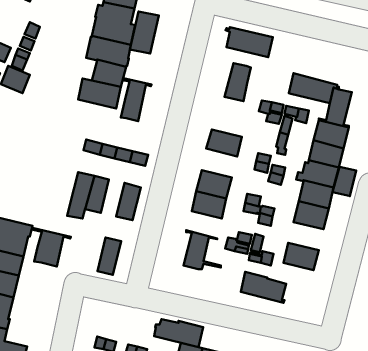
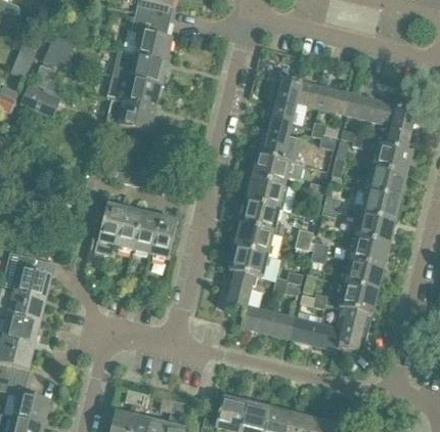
building: [130,11,159,53] -> none
building: [225,27,273,57] -> [297,80,350,114]
building: [121,78,152,121] -> none
building: none -> [256,118,301,163]
building: none -> [247,176,287,209]
building: [332,167,356,196] -> none
building: none -> [229,247,269,277]
building: none -> [344,259,384,291]
building: [33,228,71,267] -> none
building: [97,238,121,275] -> [133,211,160,253]
building: none -> [320,305,372,350]
building: [154,319,203,347] -> [240,306,296,338]

